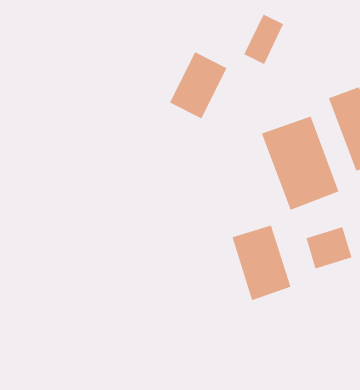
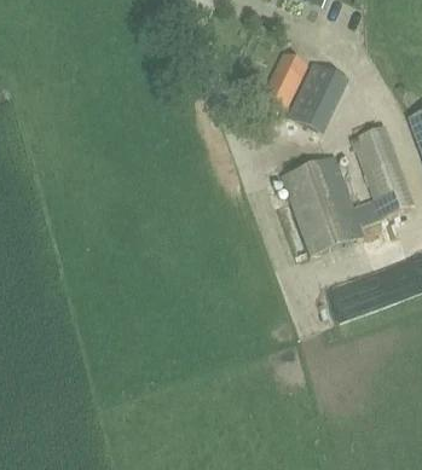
building: [169,51,228,119] -> [285,60,346,130]
building: [231,224,292,301] -> none

